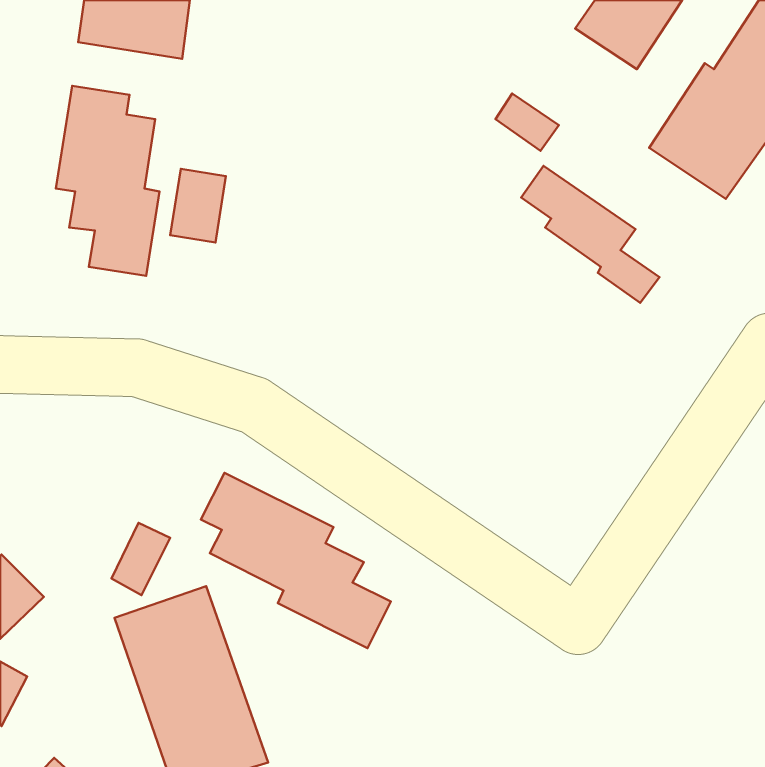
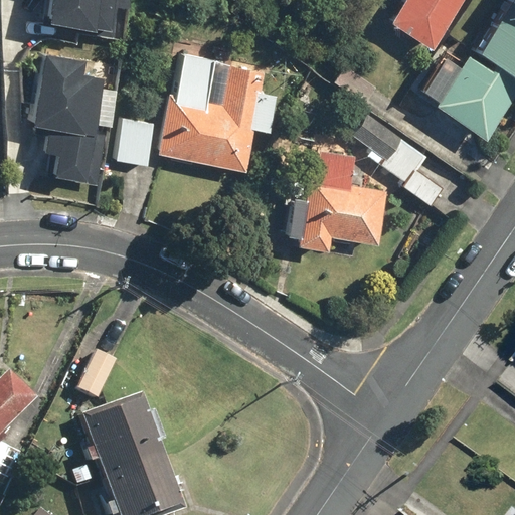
building: none -> [155,53,276,171]
building: none -> [285,149,385,250]
building: [201,473,391,648] -> none

